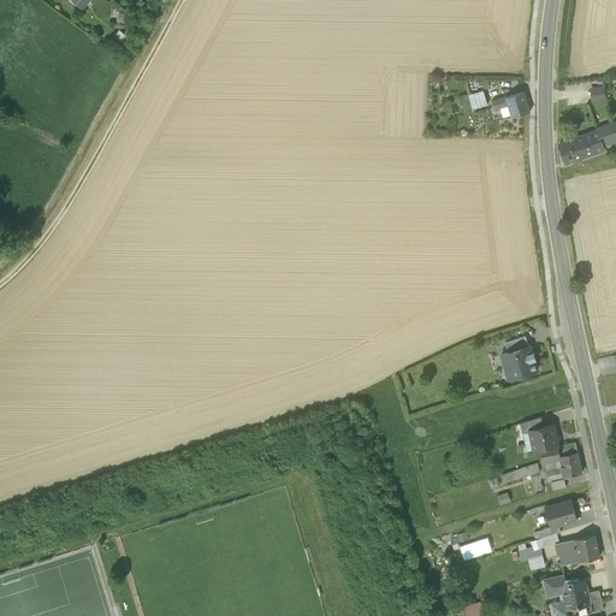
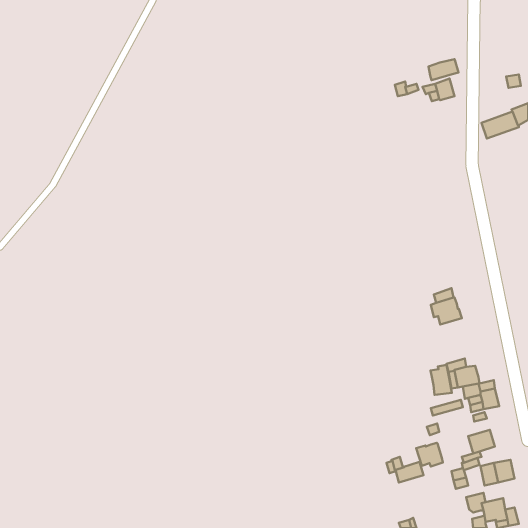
building: none -> [429,59,459,80]
building: none -> [430,365,452,395]
building: none -> [416,443,443,466]

